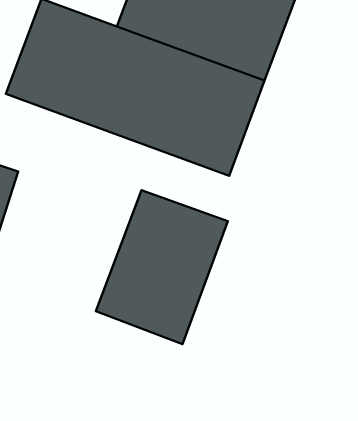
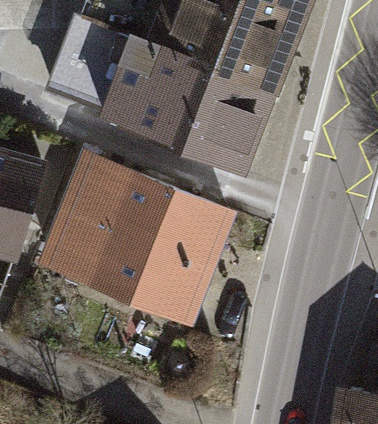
building: none -> [49,157,157,291]

